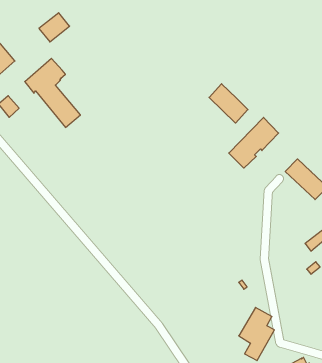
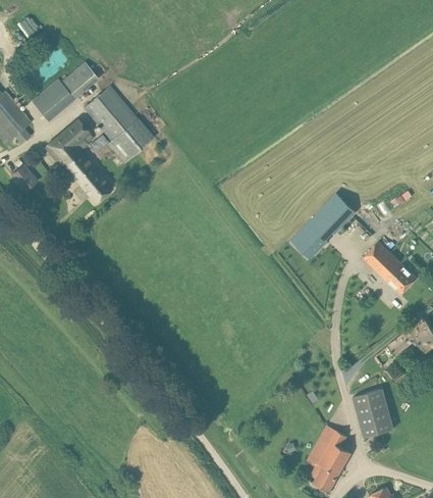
building: none -> [32,80,74,121]
building: none -> [84,86,154,163]
building: [209,84,248,123] -> none
building: none -> [353,390,393,438]

